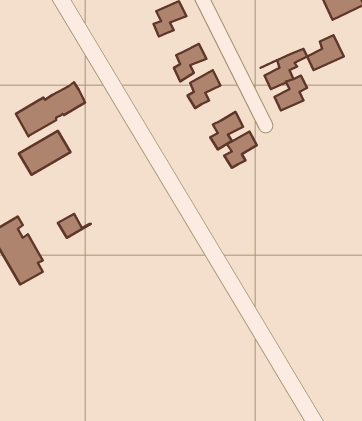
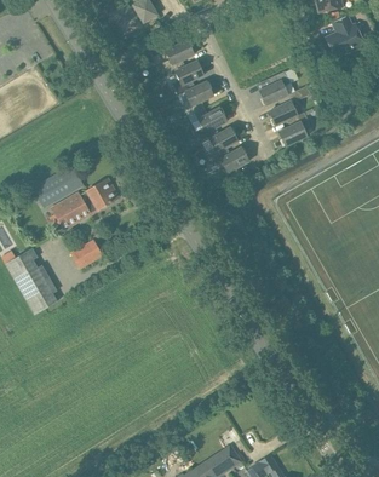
building: none -> [172,61,203,96]
building: [307,35,344,70] -> [259,70,294,104]
building: [16,82,85,136] -> [51,178,117,230]
building: [224,131,257,168] -> [206,127,237,162]

